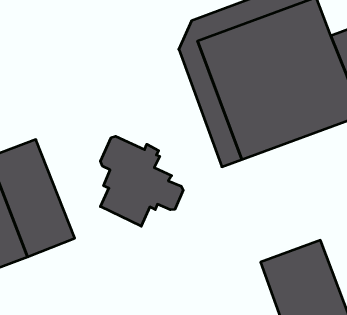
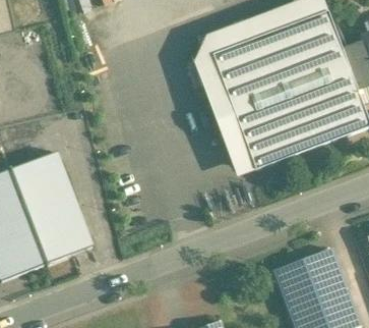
building: [100,136,183,226] -> none

